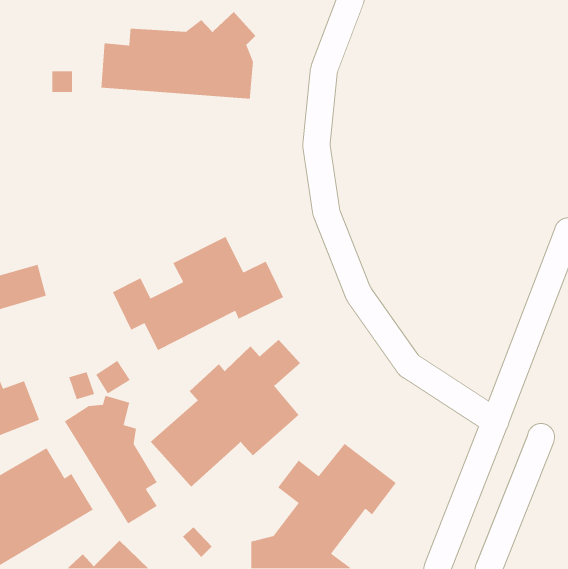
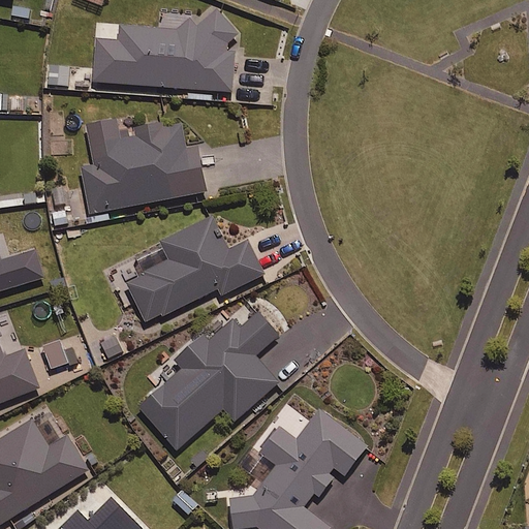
building: none -> [81,120,205,214]
building: [64,395,158,525] -> none

